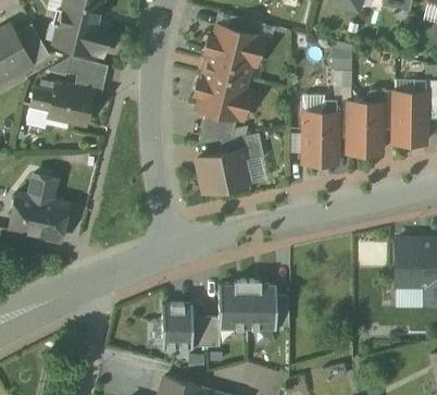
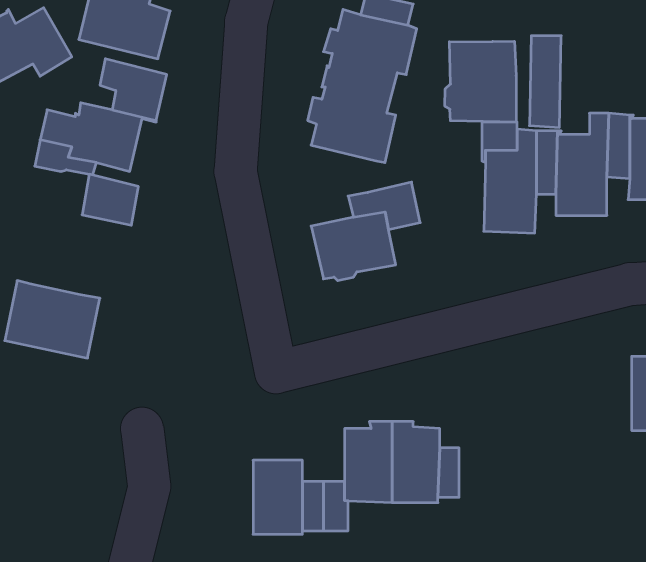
building: none -> [445,41,516,122]
building: [199,111,238,144] -> none
building: [25,170,60,201] -> [82,174,138,225]

